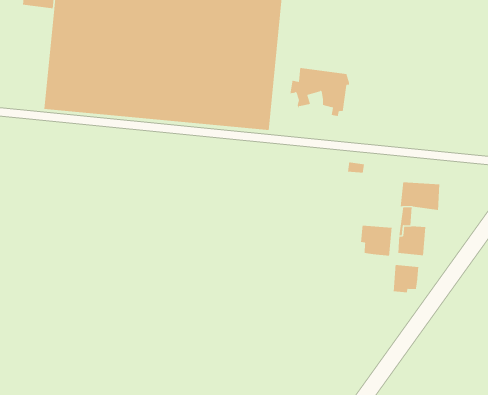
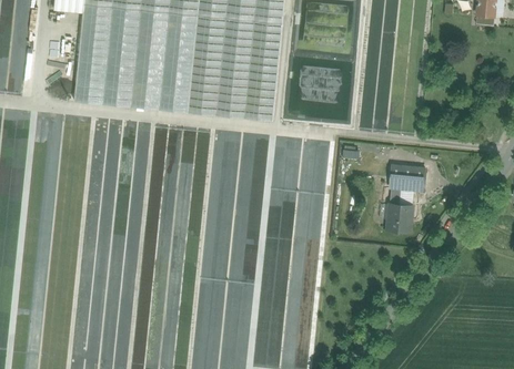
building: [360,225,392,256] -> none
building: [393,264,419,293] -> none

